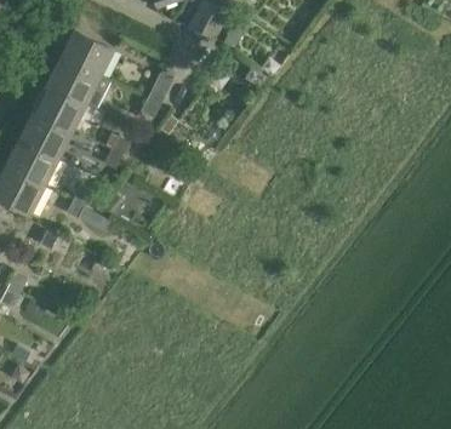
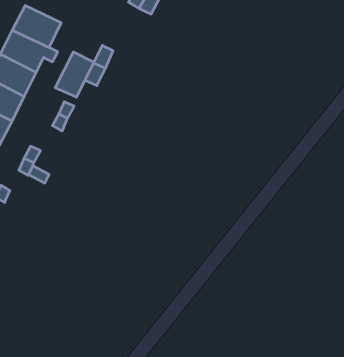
building: none -> [55,52,94,97]

